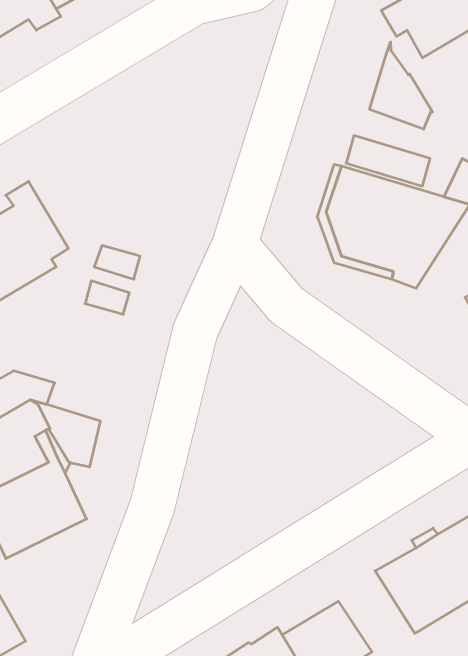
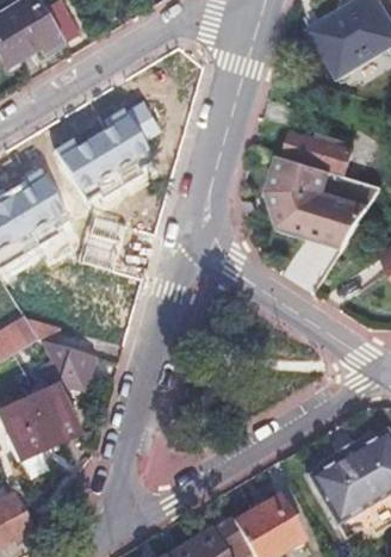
building: [370,42,433,129] -> none
building: none -> [50,100,159,202]

